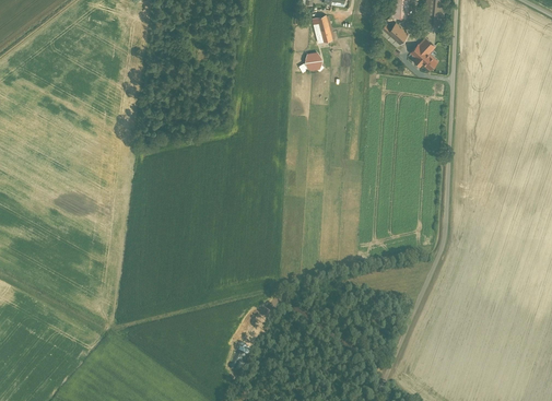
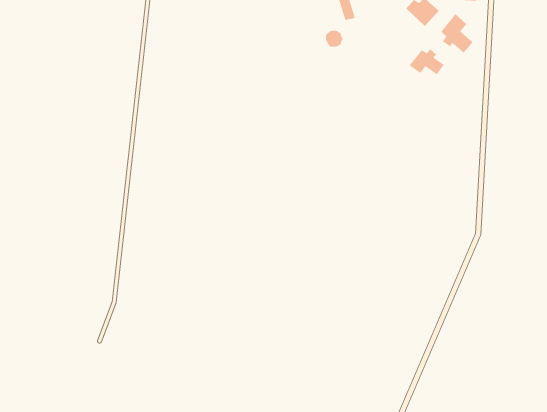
building: none -> [409,48,445,75]

